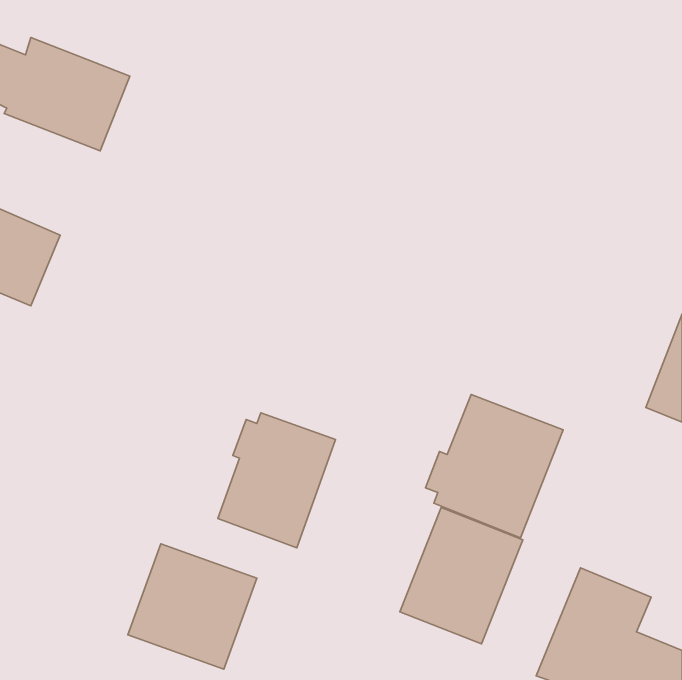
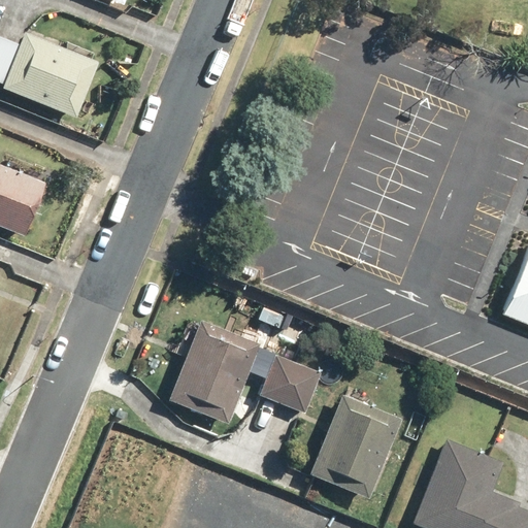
building: [425,395,563,538] -> none
building: none -> [260,356,319,412]
building: [128,544,257,669] -> none

